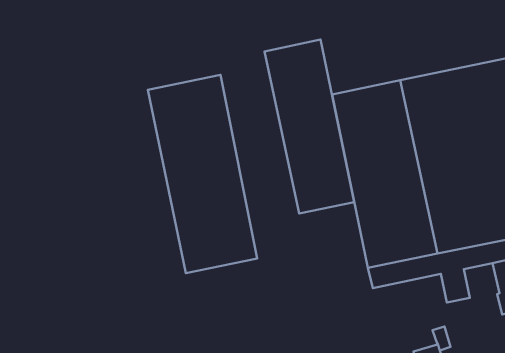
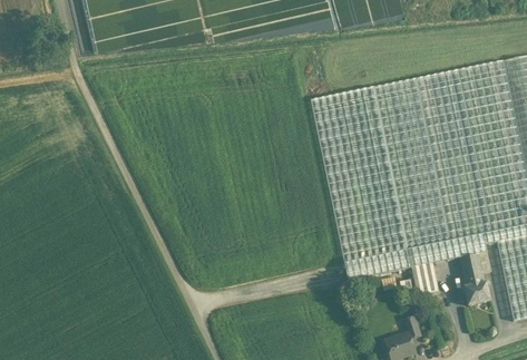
building: [264,40,354,214] -> none
building: [148,75,257,273] -> none

